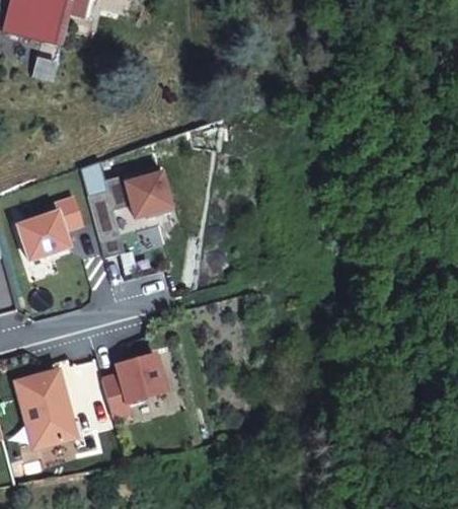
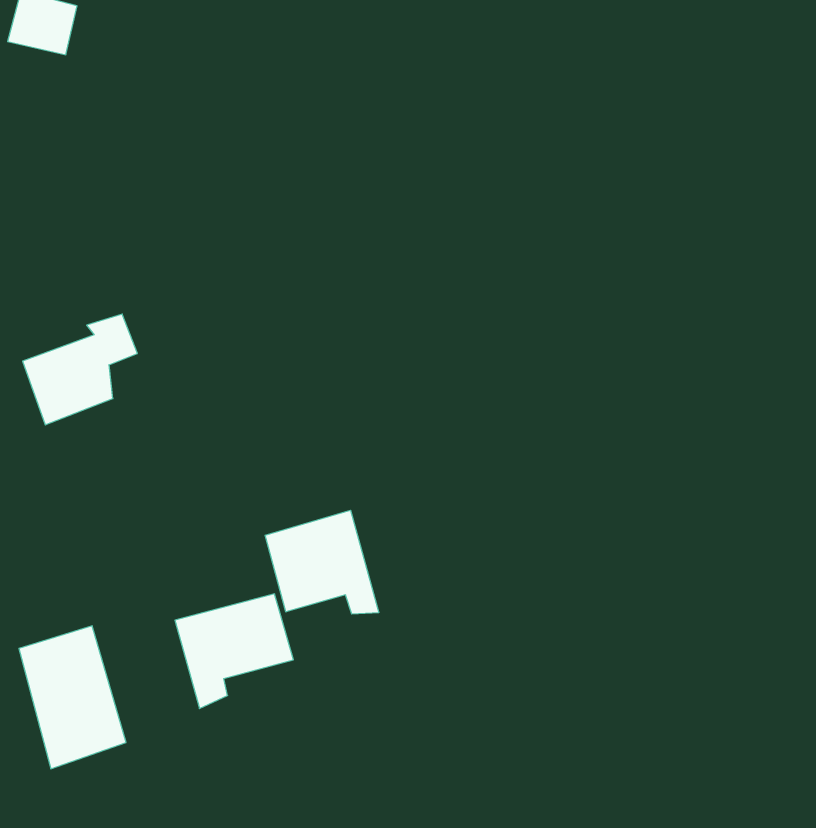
building: [89,165,170,243] -> none
building: none -> [265,510,379,614]

